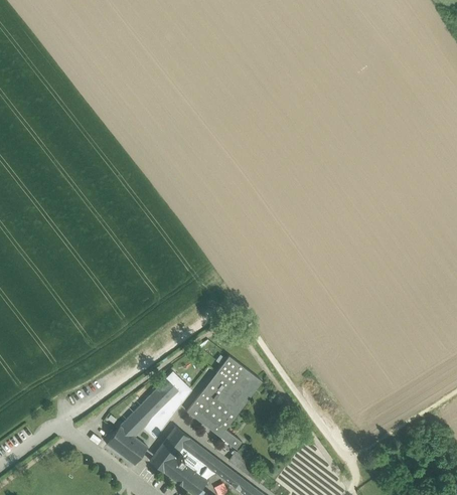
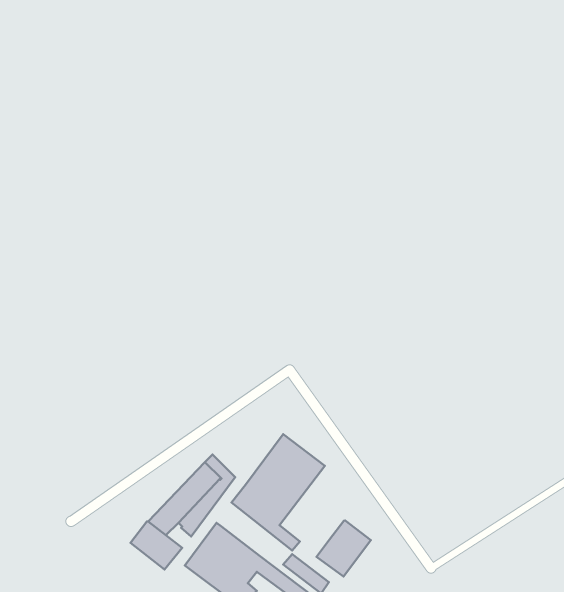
building: none -> [316,520,371,576]

